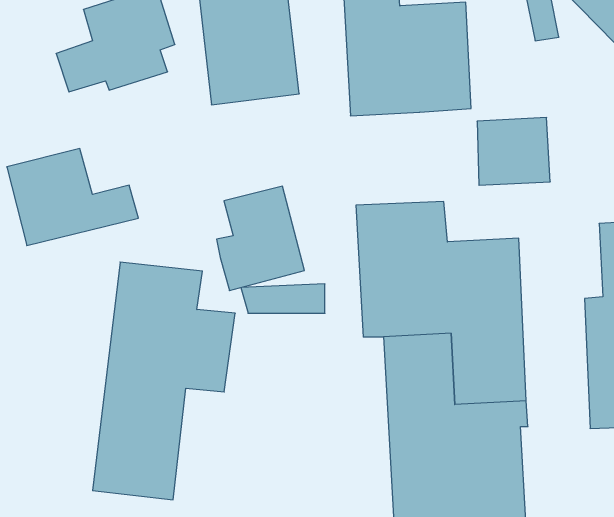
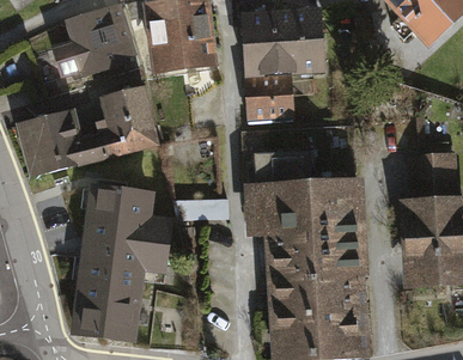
building: [477,118,550,185] -> [246,81,294,126]
building: [217,186,304,291] -> [99,83,157,151]

